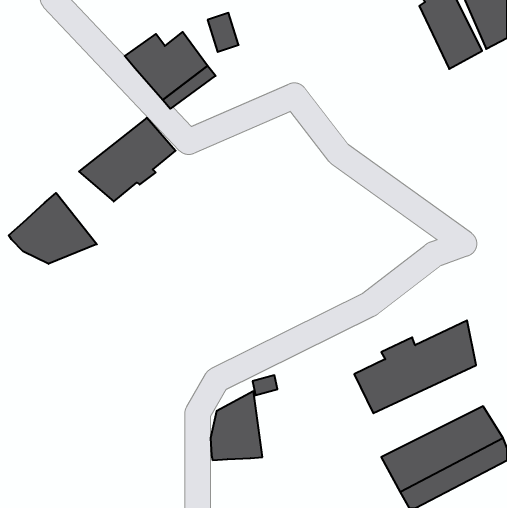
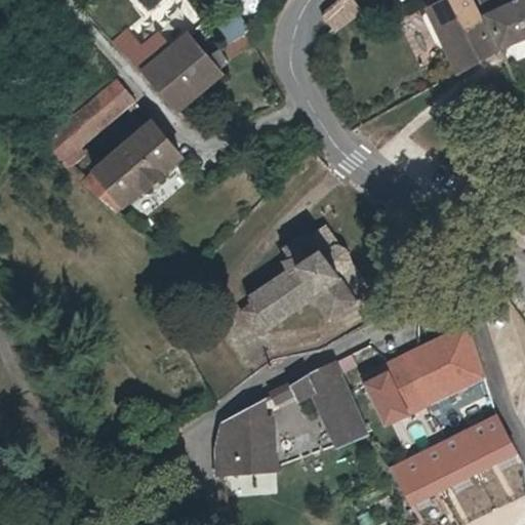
building: none -> [41,76,131,156]
building: [9,193,97,264] -> none
building: none -> [248,219,368,320]
building: none -> [291,362,367,446]

